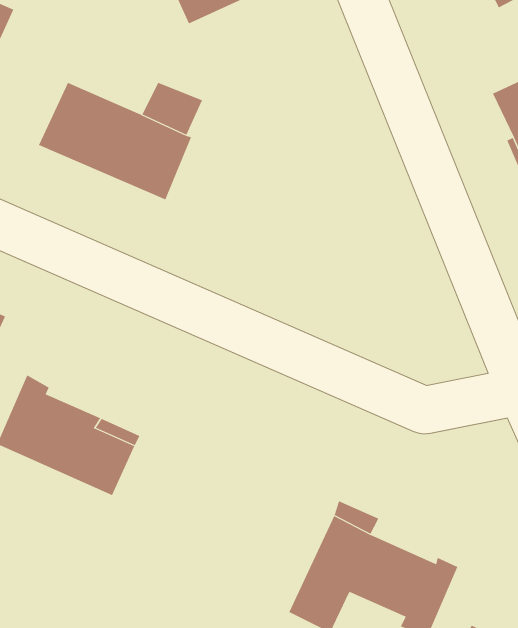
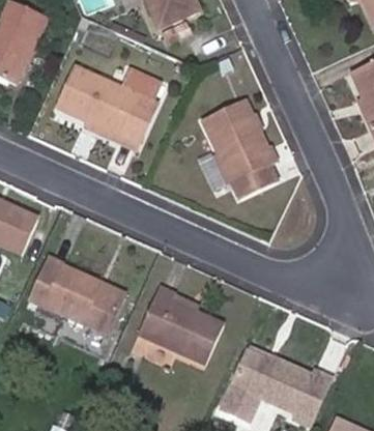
building: none -> [198,97,276,198]
building: none -> [139,284,225,362]

